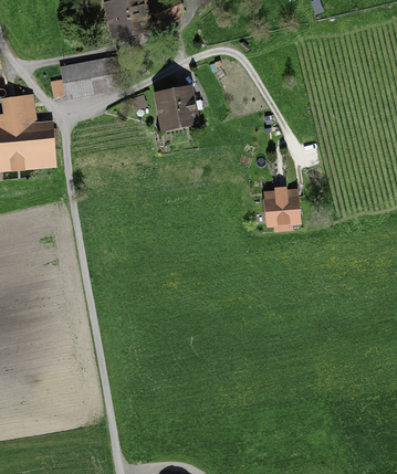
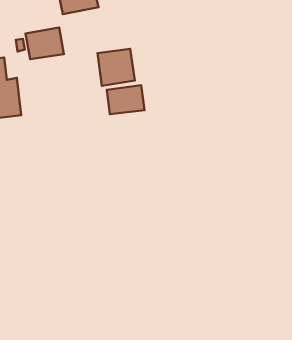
building: none -> [107,85,144,114]
building: [267,188,302,225] -> none

